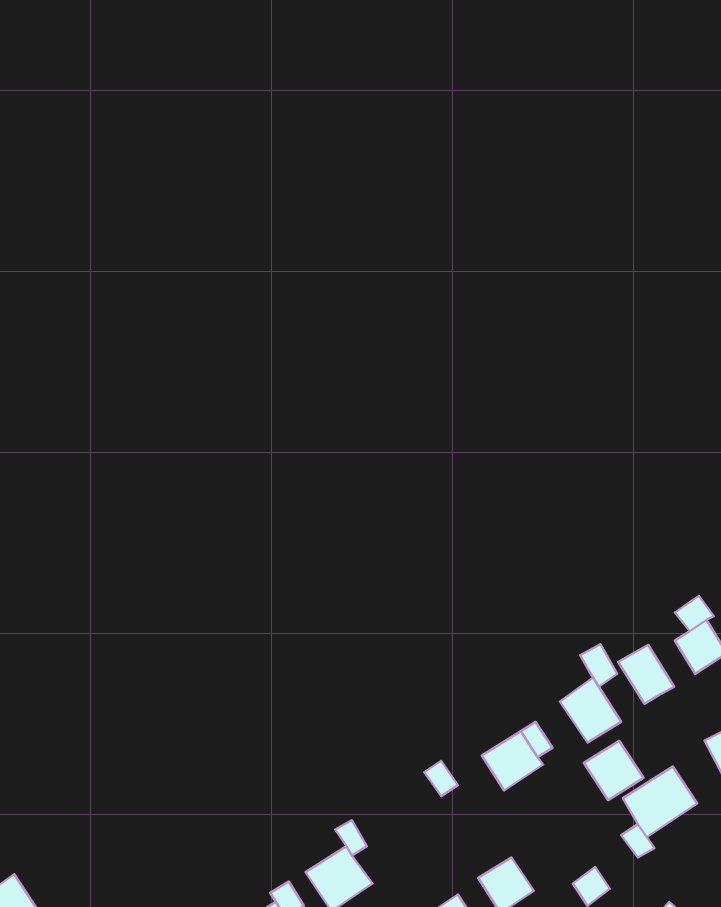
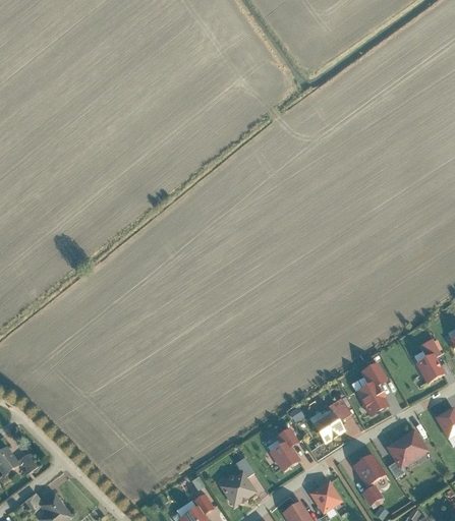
building: [618,645,674,704] -> none
building: [584,741,643,800] -> [354,452,387,484]
building: none -> [269,440,297,469]

